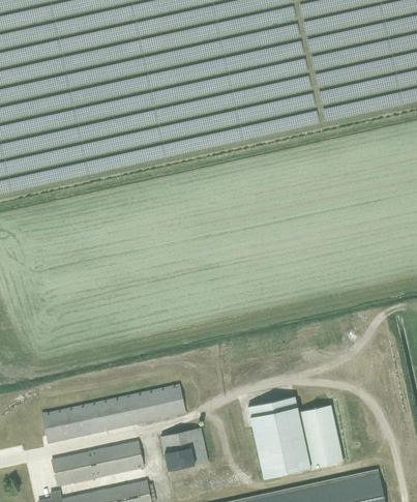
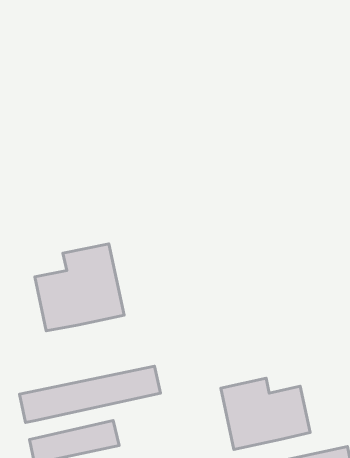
building: none -> [35,244,124,331]
building: [160,427,209,470] -> none

